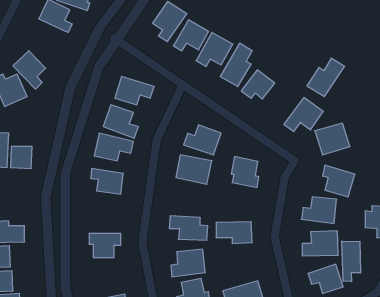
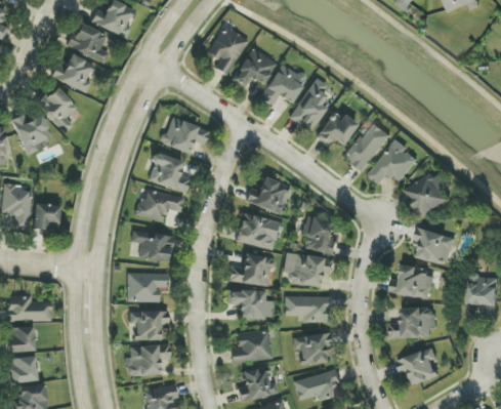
building: none -> [50,53,93,93]
building: [307,58,345,97] -> [344,123,390,170]
building: none -> [284,253,335,286]
building: none -> [228,254,273,286]
building: none -> [127,273,168,302]
building: [342,241,361,282] -> none
building: none -> [292,333,331,364]
building: none -> [125,344,170,376]

